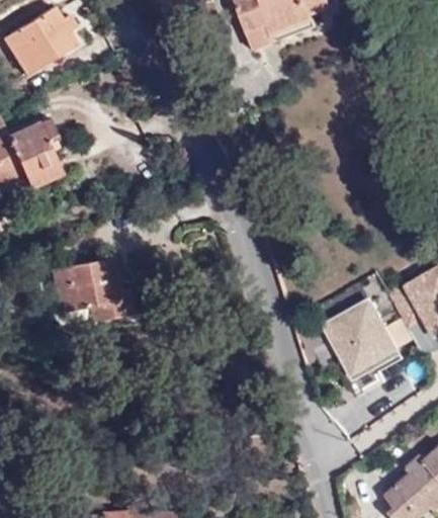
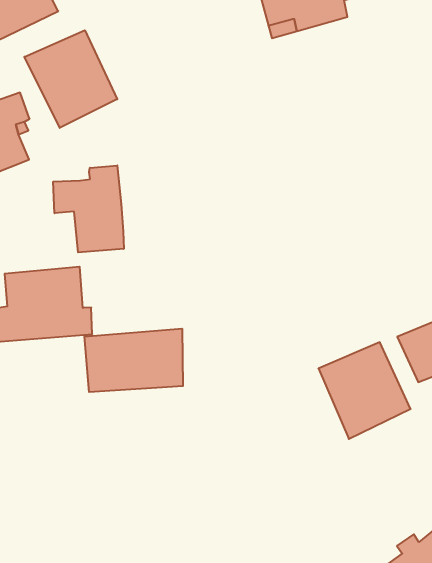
building: none -> [24,30,117,128]
building: none -> [53,165,124,252]
building: none -> [85,329,183,392]

